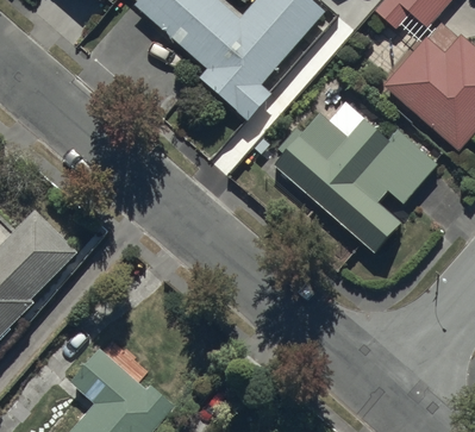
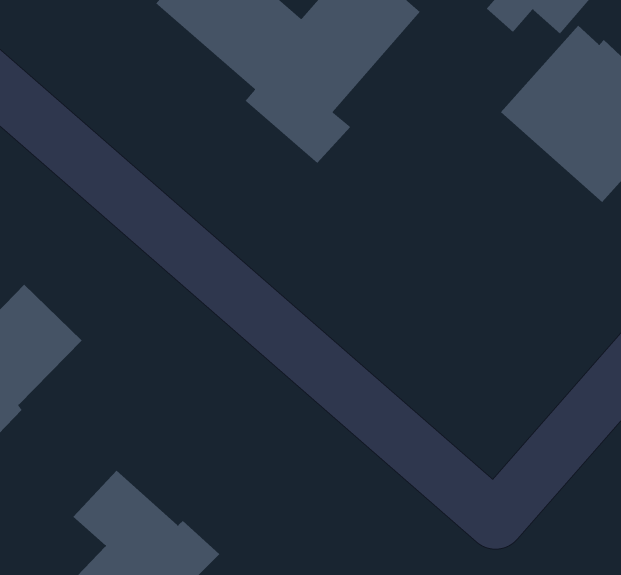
building: [273,99,438,253] -> none

